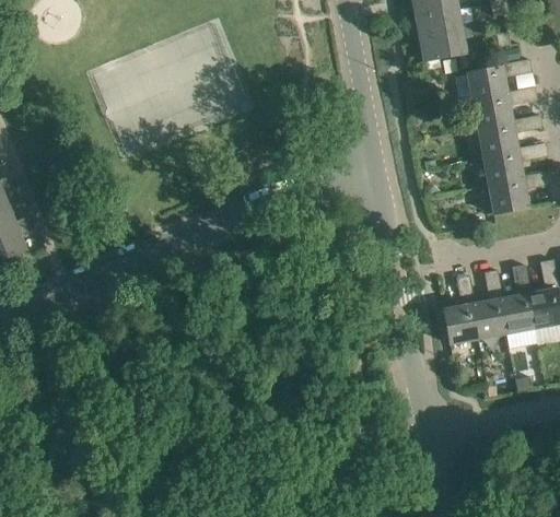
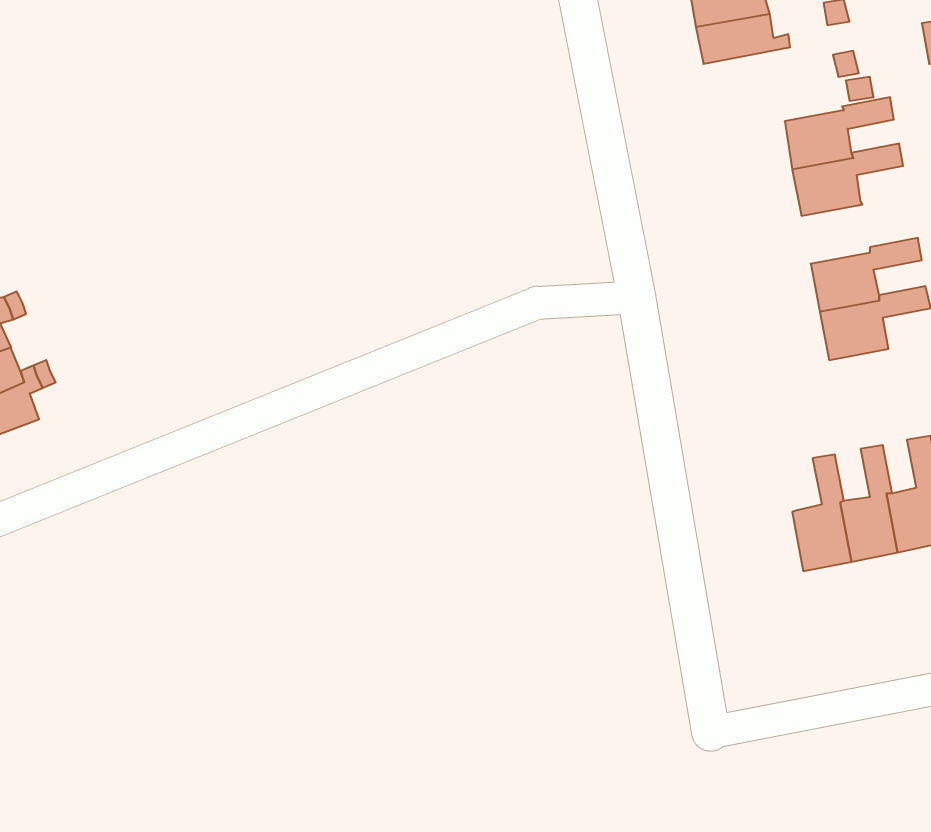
building: [419,30,471,61] -> none
building: [477,115,542,157] -> none
building: [443,274,478,344] -> none

